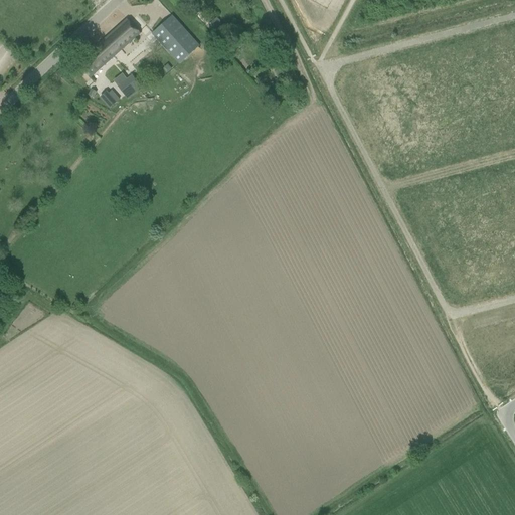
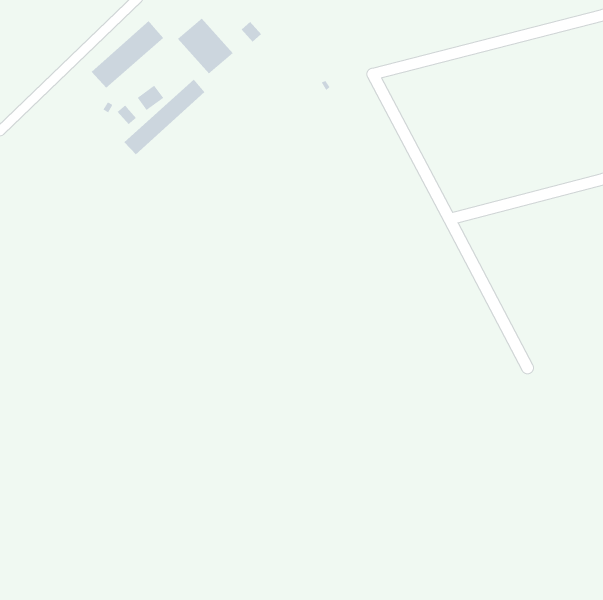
building: none -> [124,79,205,155]

